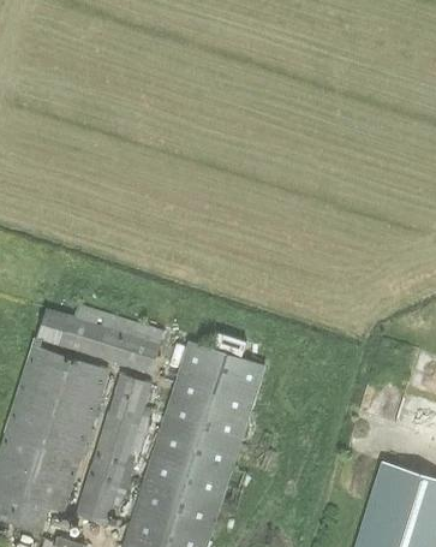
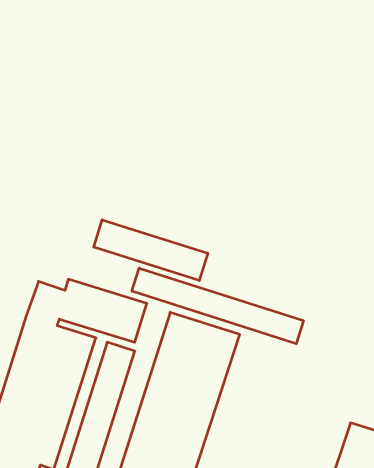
building: none -> [94,220,208,281]
building: none -> [132,268,303,344]

